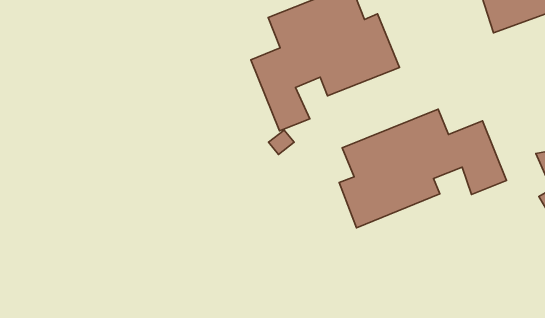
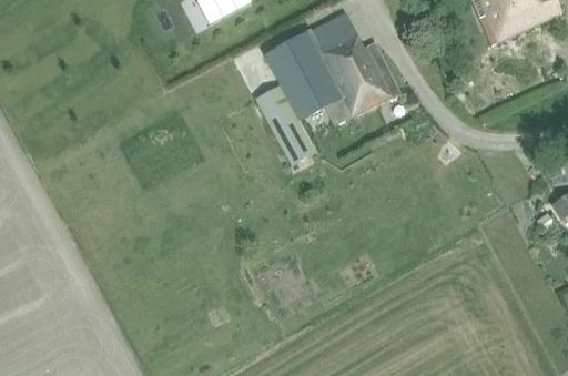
building: [339,109,506,228] -> none

